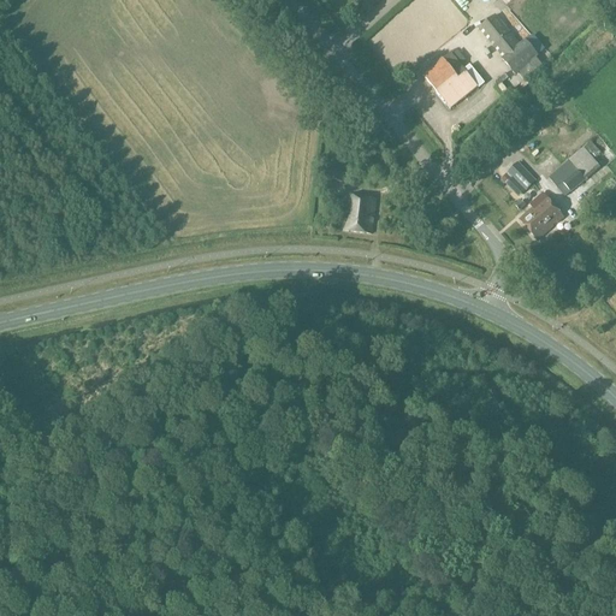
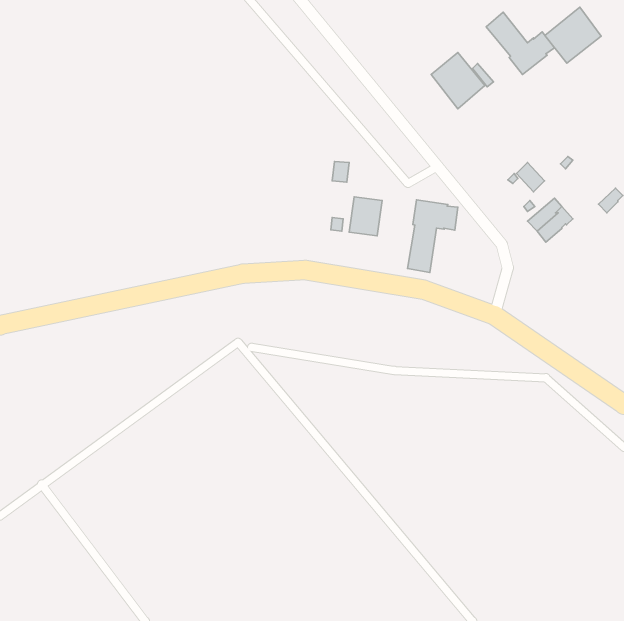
building: none -> [545,7,601,63]
building: [550,140,603,195] -> none
building: none -> [408,200,458,273]

